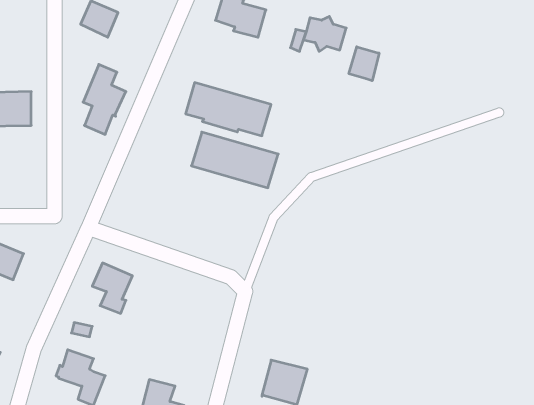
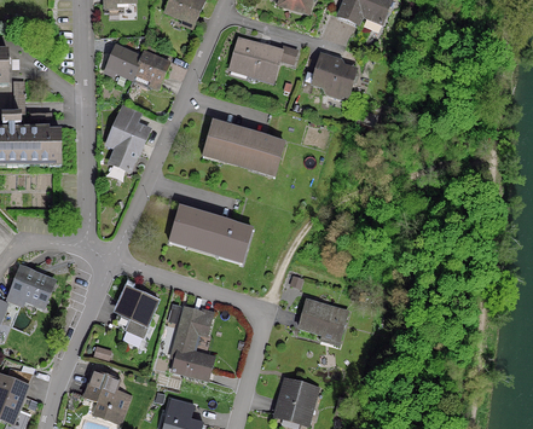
building: none -> [134,52,169,89]
building: [349,47,379,81] -> none
building: [191,132,278,188] -> [170,208,251,260]
building: none -> [299,300,347,344]
building: none -> [172,307,214,381]

